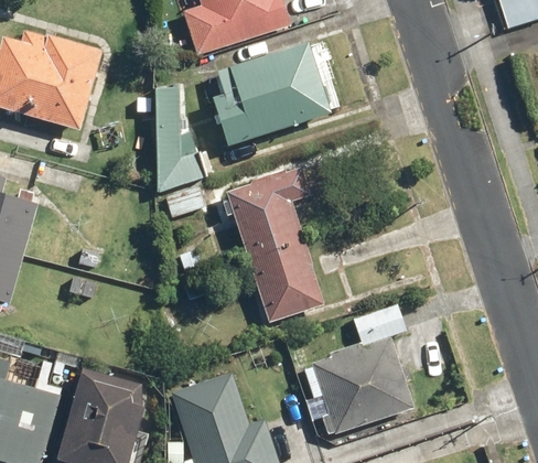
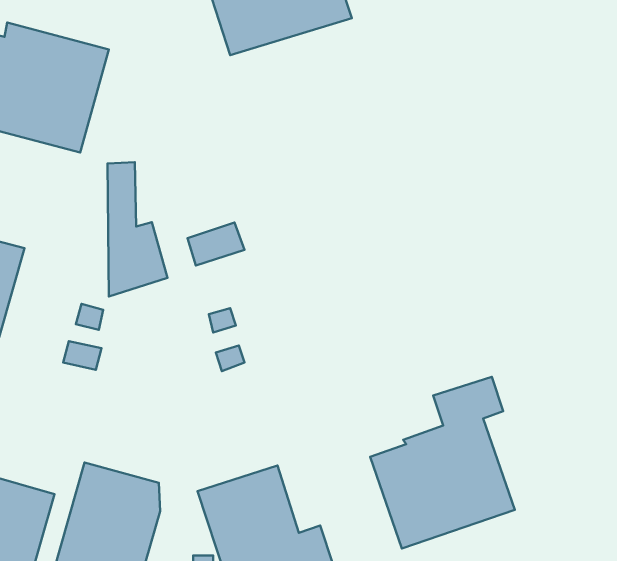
building: [212,44,330,147] -> none
building: [155,89,202,193] -> [108,162,168,296]
building: [227,168,323,322] -> none

